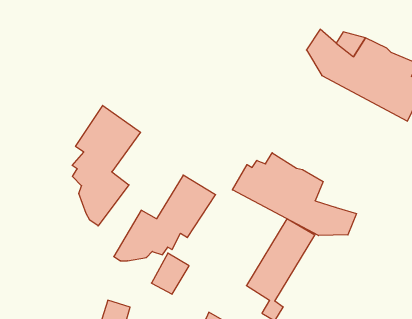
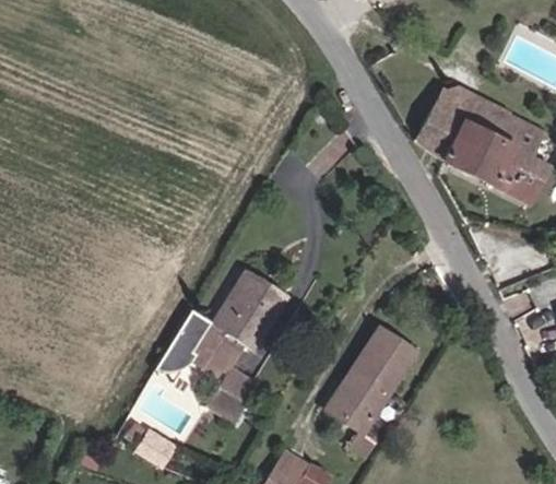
building: [72,105,141,226] -> none
building: [232,153,356,236] -> none

